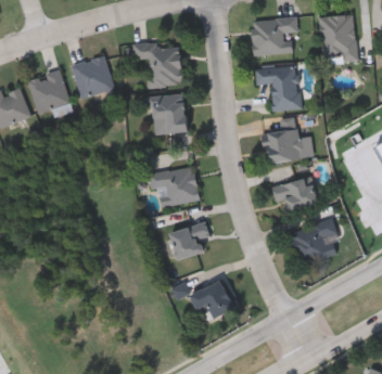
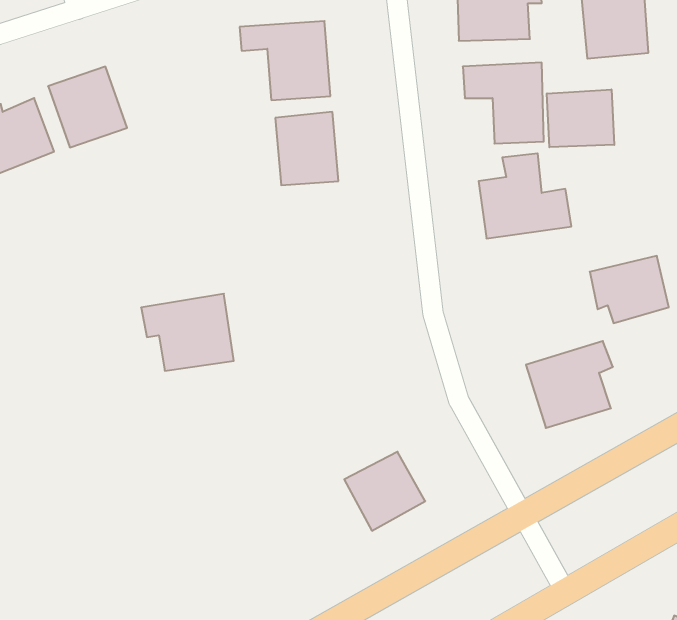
building: [72,55,114,98] -> none
building: none -> [547,89,614,147]
building: [149,166,200,208] -> [141,294,234,371]
building: [272,177,316,214] -> [590,256,669,323]
building: [168,221,211,259] -> none

